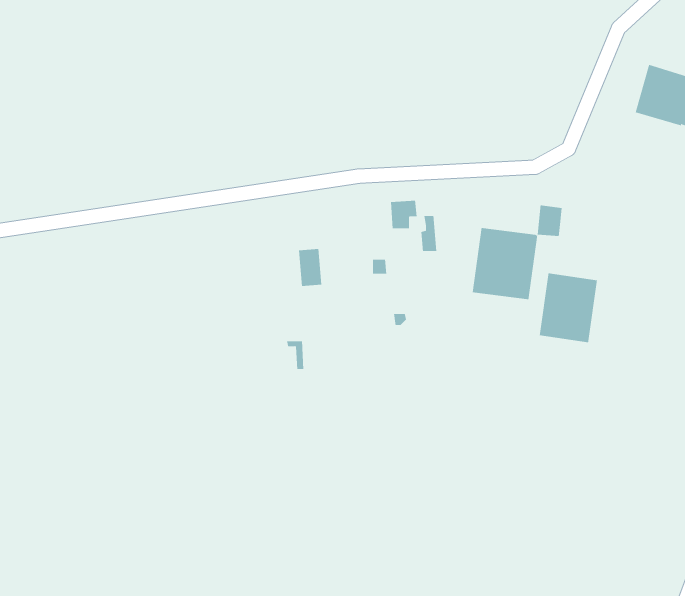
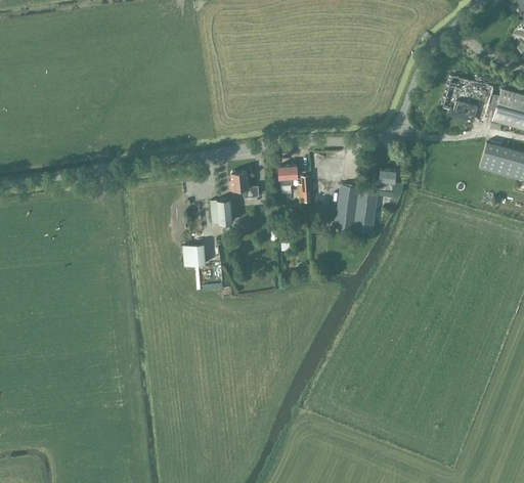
building: none -> [230,172,259,199]
building: [539,273,597,343] -> none
building: none -> [183,245,206,265]

